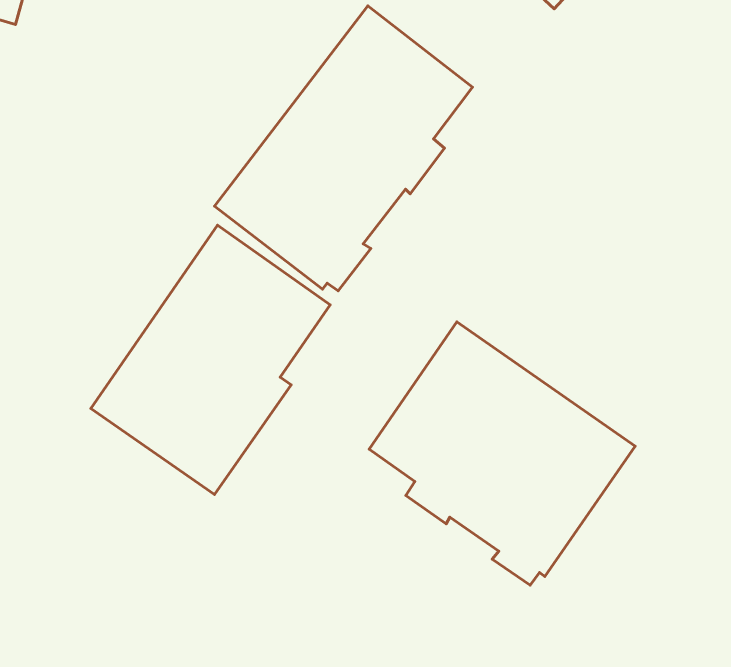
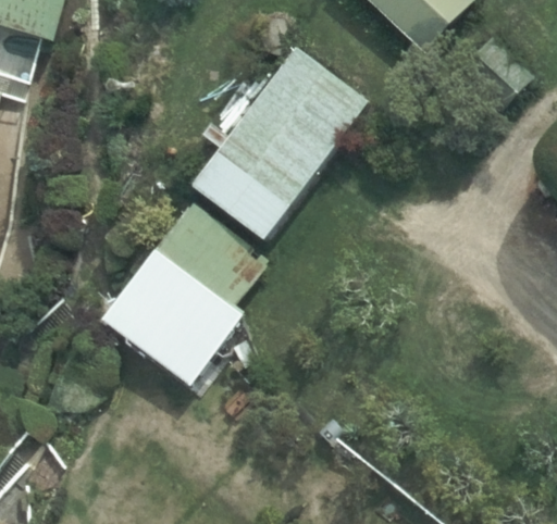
building: [369,322,635,585] -> none

